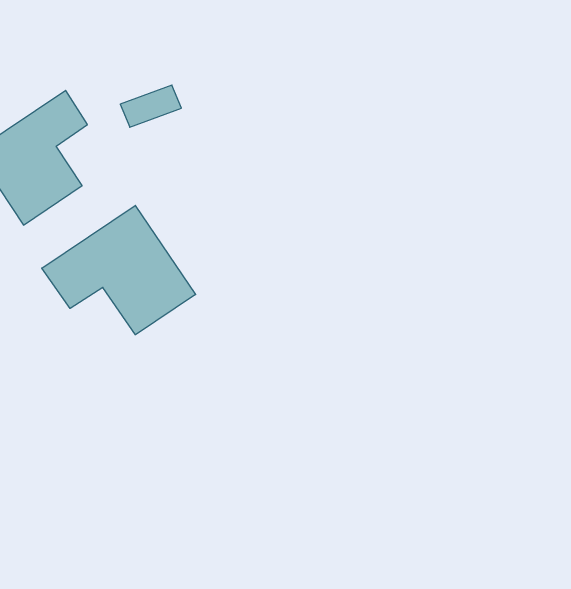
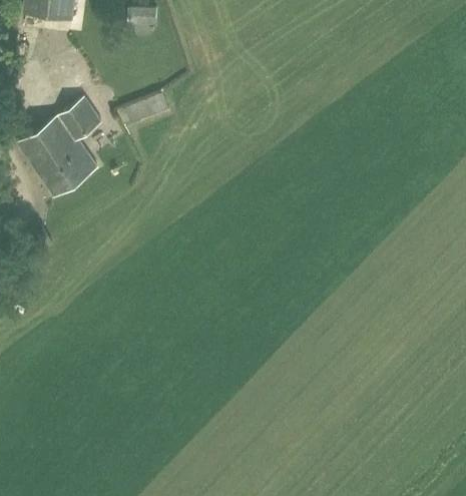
building: [42,205,196,335] -> none

